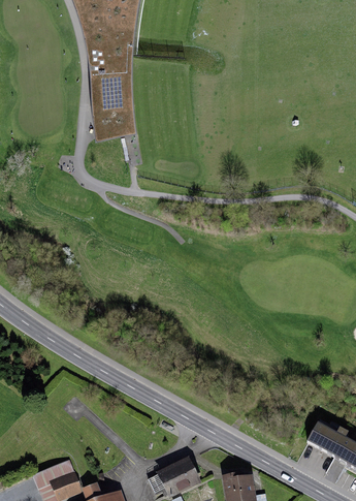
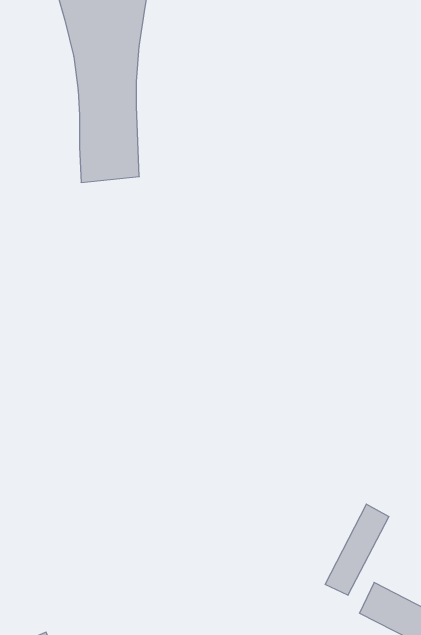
building: none -> [325,504,389,595]

